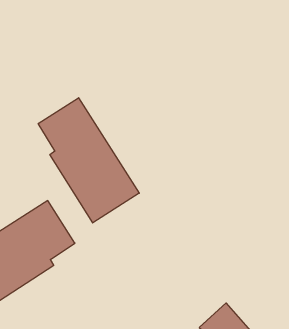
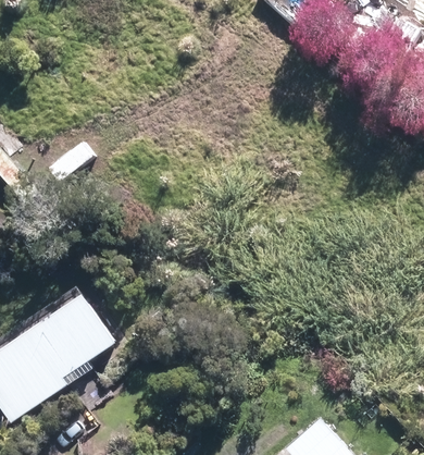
building: [38,98,139,223] -> none

